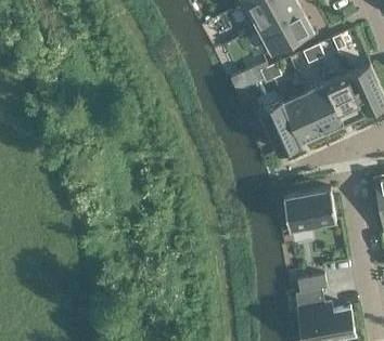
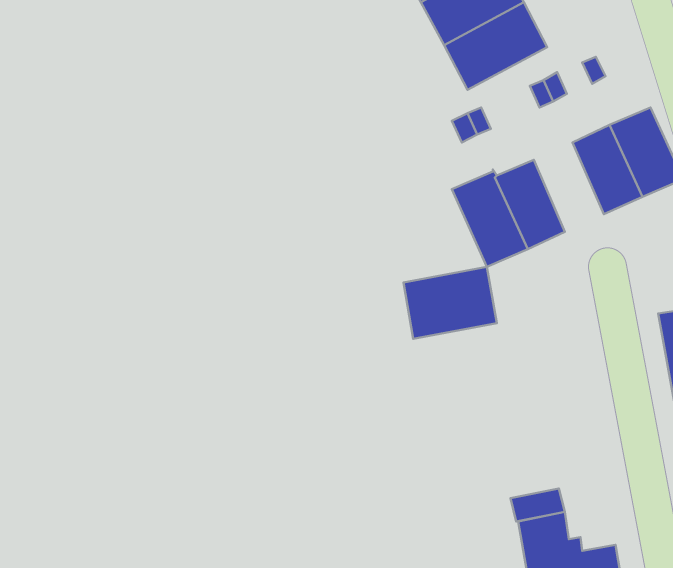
building: [305,84,344,134] -> none
building: [284,191,336,231] -> [403,267,497,339]

